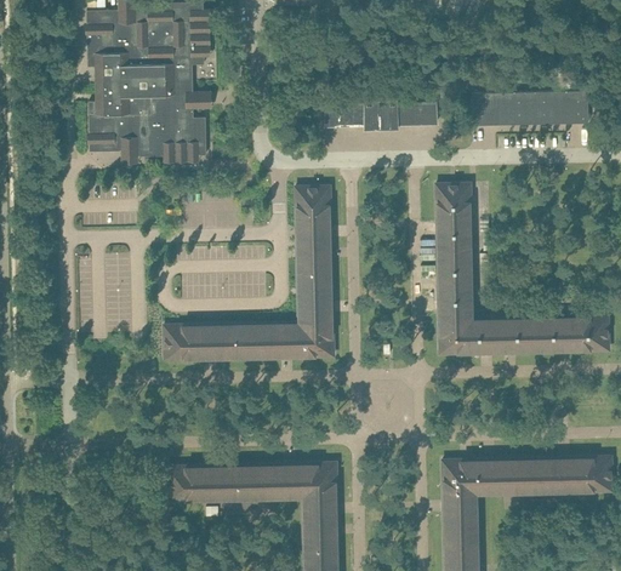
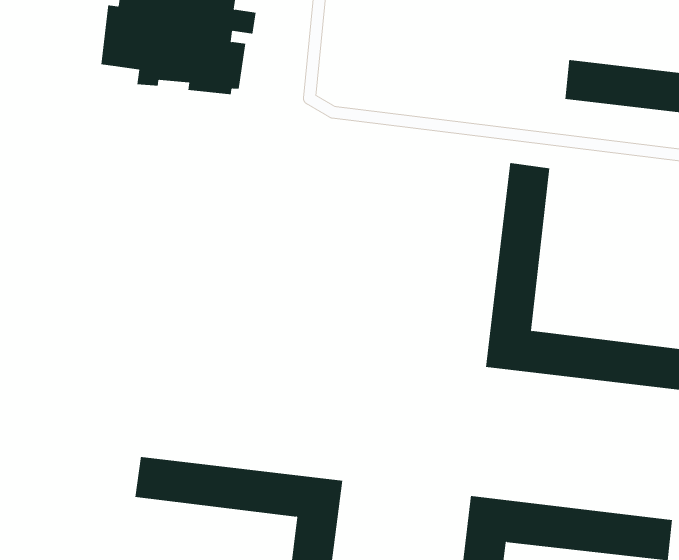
building: [325,101,438,130] -> none
building: [164,187,334,360] -> none

